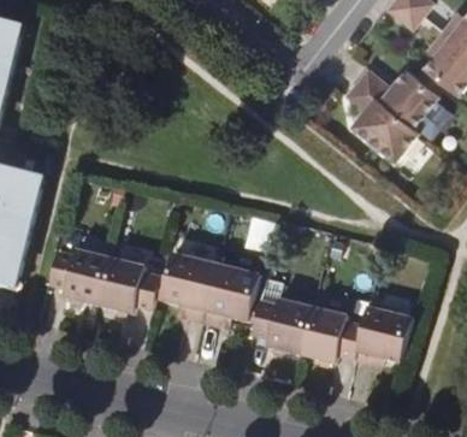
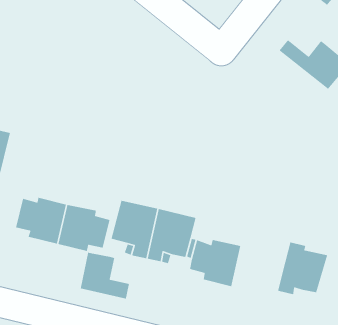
building: [344,81,418,161] -> none
building: [301,307,362,364] -> none
building: none -> [80,252,130,300]

